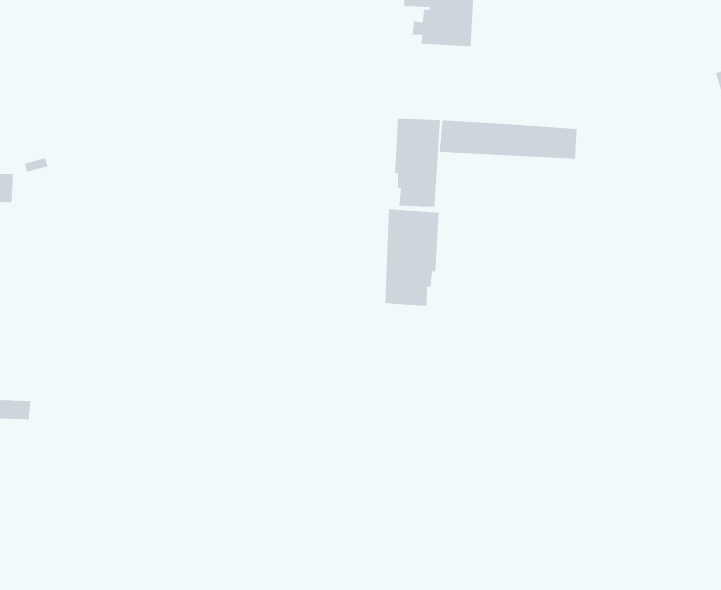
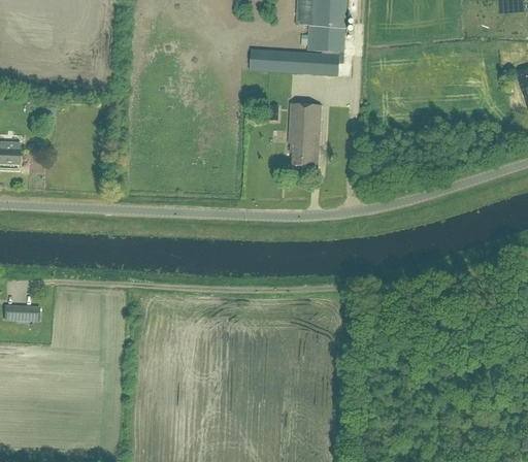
building: [439,120,577,159] -> [250,48,348,76]
building: [385,208,439,306] -> none

